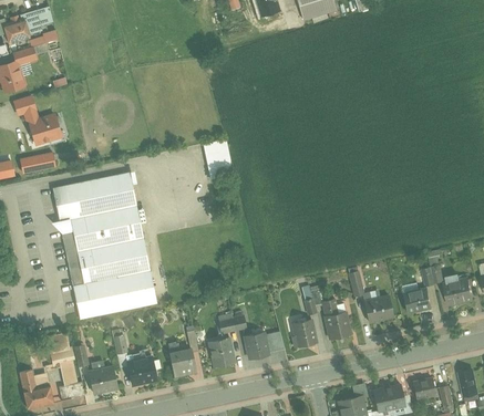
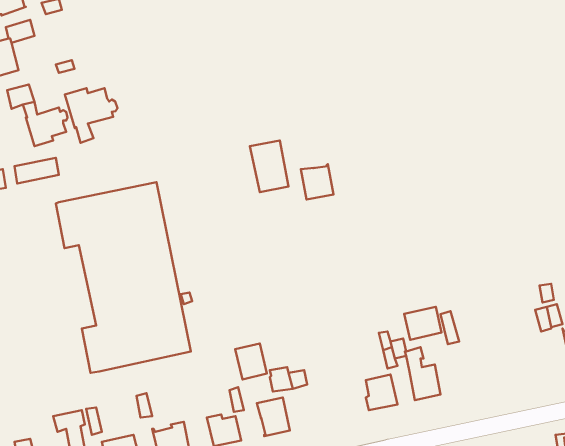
building: none -> [65,88,117,143]
building: none -> [301,164,334,200]
building: [402,289,431,312] -> none
building: [363,297,392,322] -> [404,307,442,340]
building: [244,332,268,360] -> [235,343,267,379]

